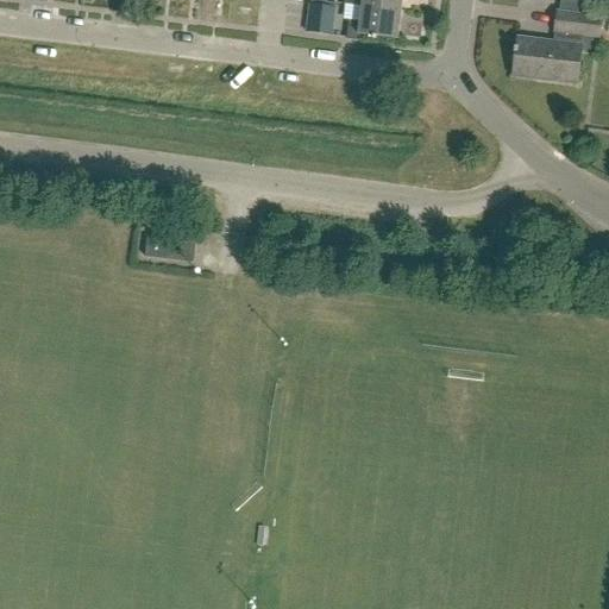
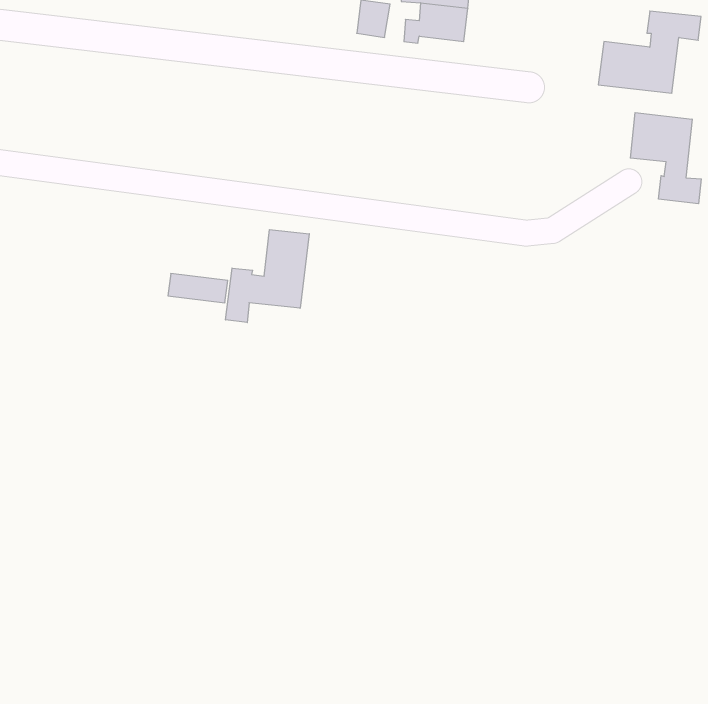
building: none -> [630,113,701,204]
building: none -> [226,230,309,323]

